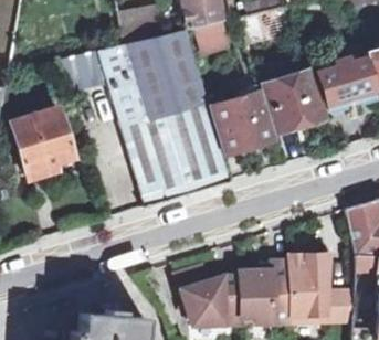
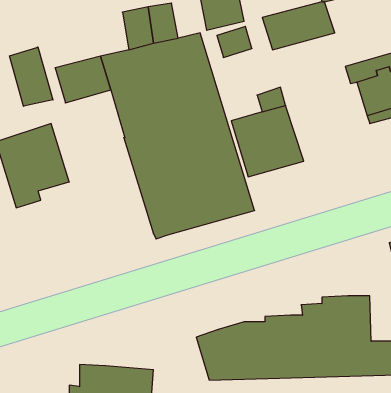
building: none -> [10,47,53,106]
building: [263,70,325,131] -> none

